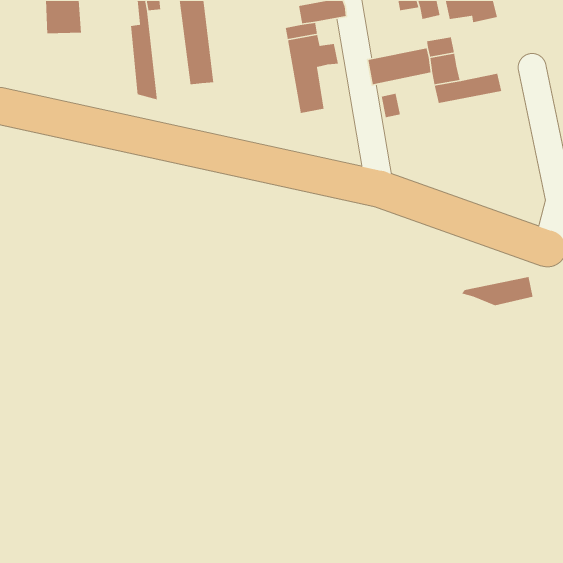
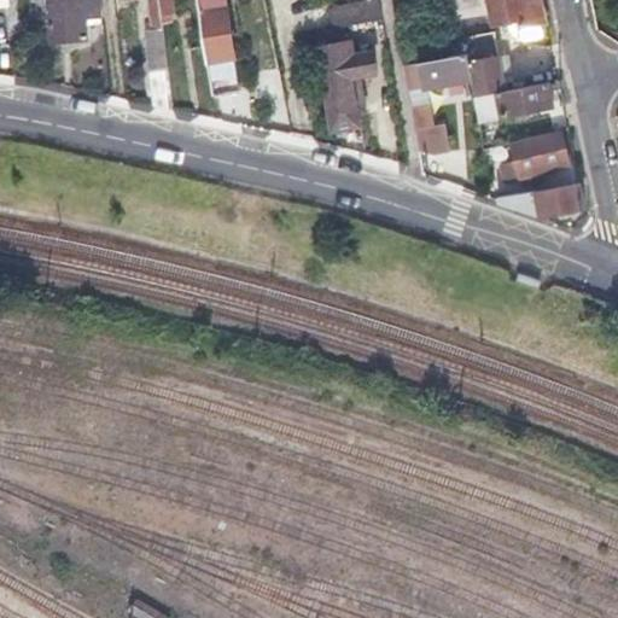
building: none -> [517,135,570,182]
building: [461,276,534,306] -> [505,182,584,215]

